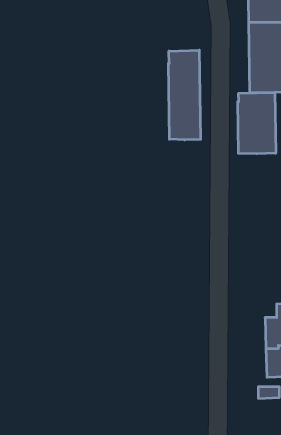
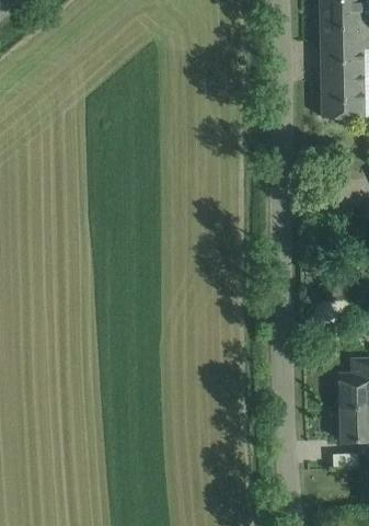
building: [168,50,201,140] -> none
building: [238,92,276,154] -> none

